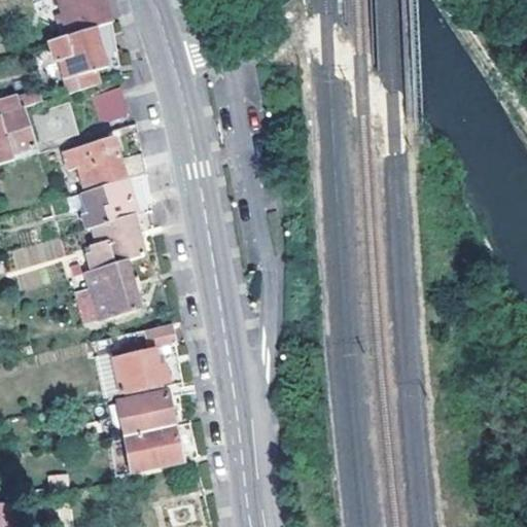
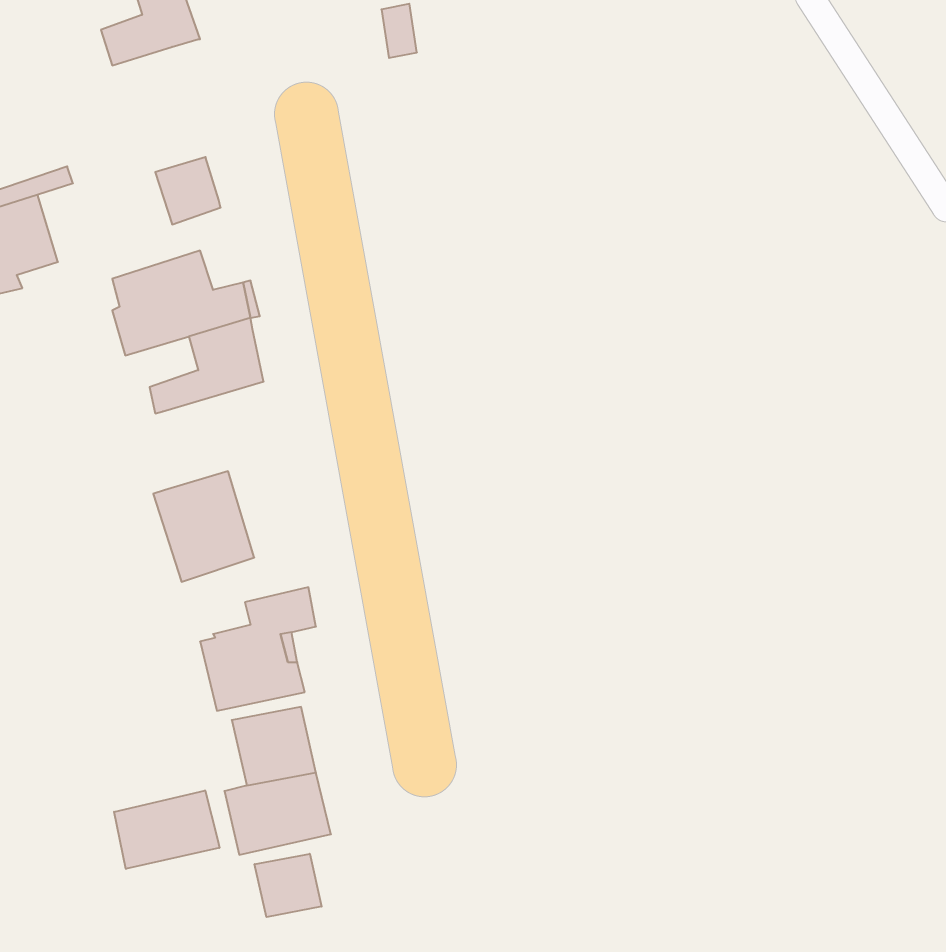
building: [48,26,114,78] -> none
building: [85,210,149,270] -> none
building: none -> [114,790,219,869]
building: none -> [255,854,322,917]

